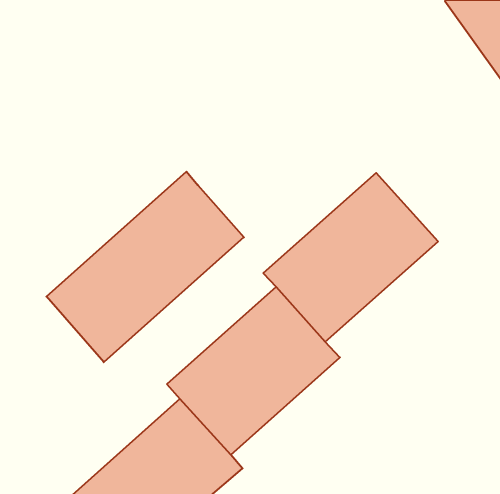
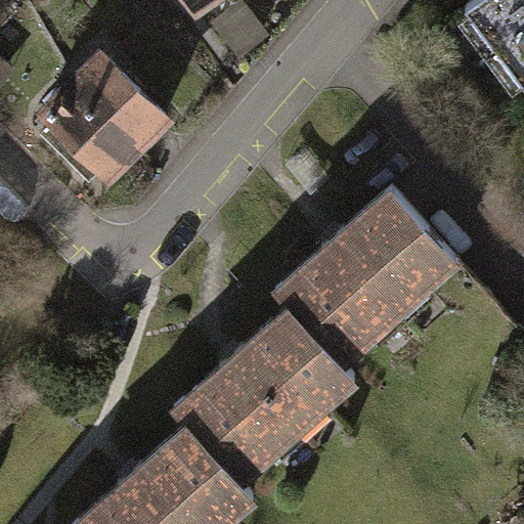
building: none -> [41,55,166,176]
building: [46,172,244,362] -> none

